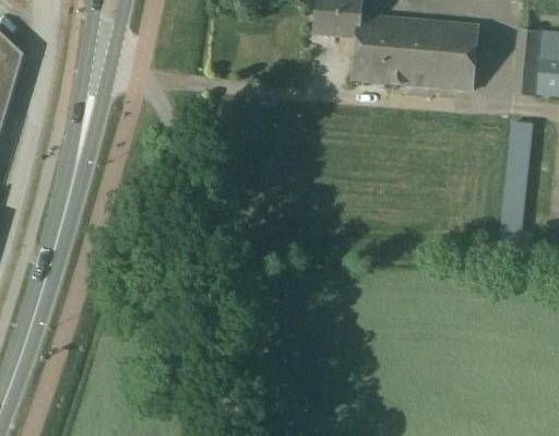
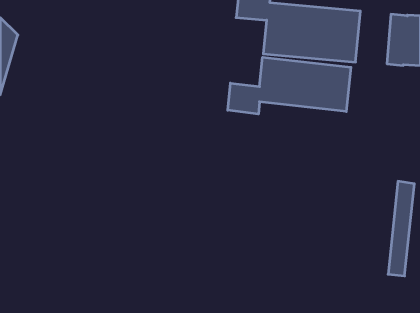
building: none -> [228,57,351,114]
building: [497,119,532,245] -> [388,181,414,276]

